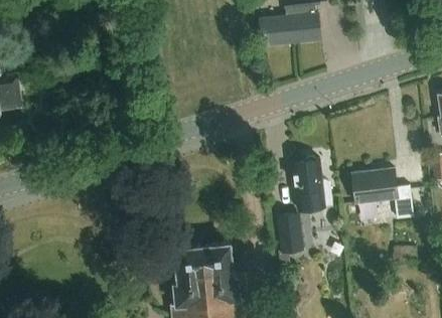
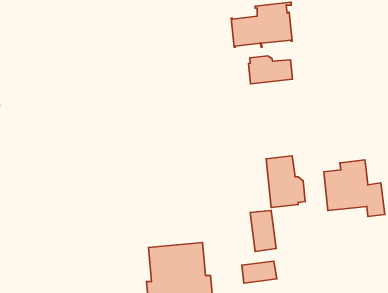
building: none -> [249,56,293,84]
building: none -> [242,261,277,283]

